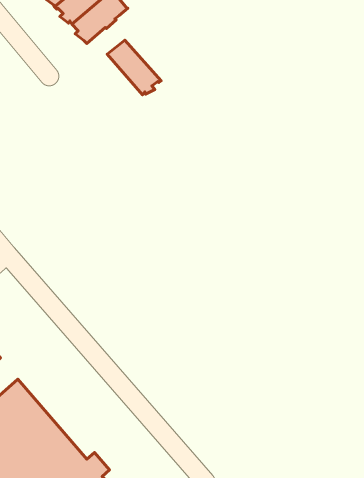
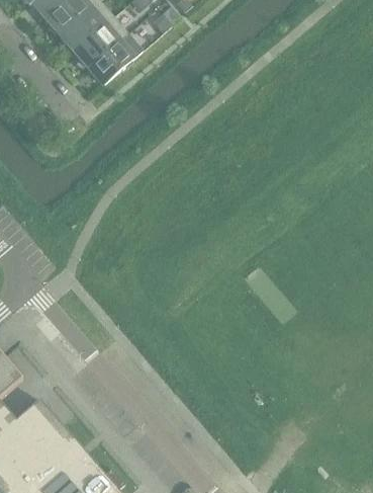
building: [107,40,161,95] -> none

